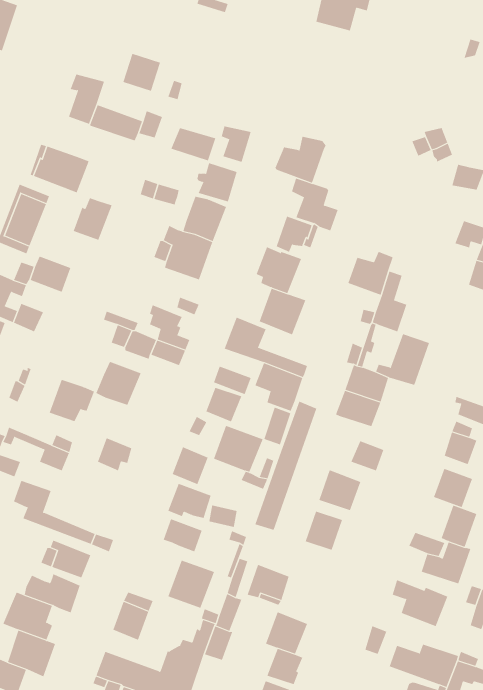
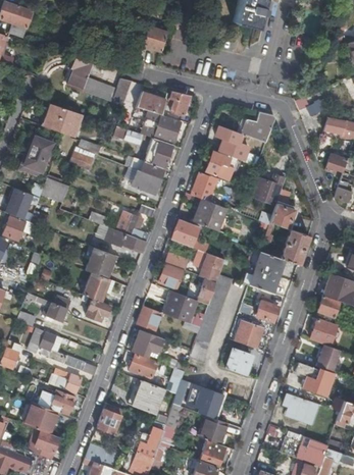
building: [123,53,161,91] -> [142,27,167,52]
building: [274,136,326,183] -> [241,111,275,143]
building: [49,379,95,422] -> [84,272,114,301]

